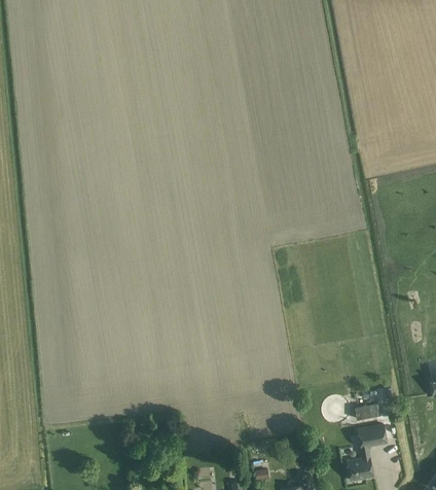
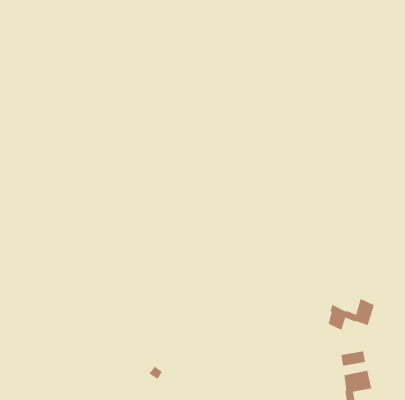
building: none -> [326,298,375,331]

